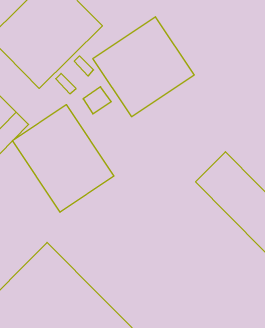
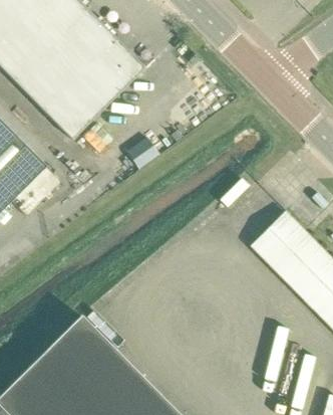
building: [93,17,194,117] -> none
building: [12,105,114,212] -> none

